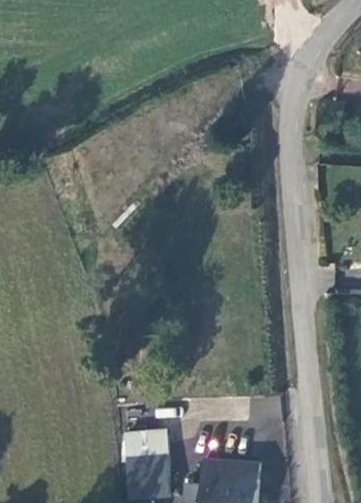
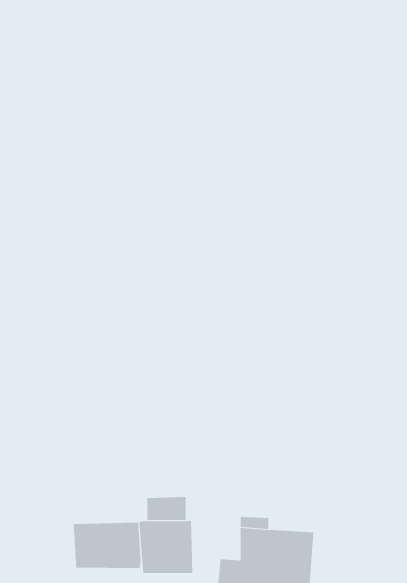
building: none -> [73,522,141,569]

